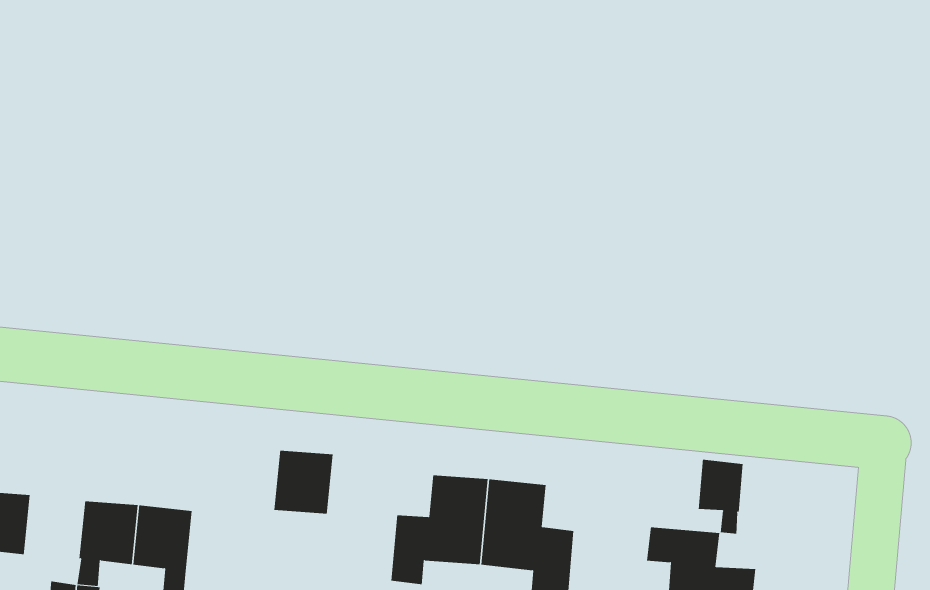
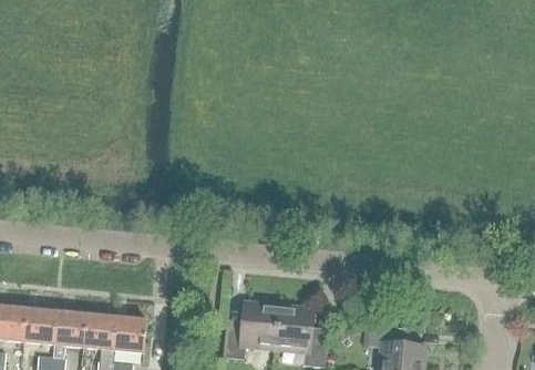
building: [274,450,334,514] -> [113,317,146,352]
building: [698,459,743,534] -> none
building: none -> [23,308,56,343]

